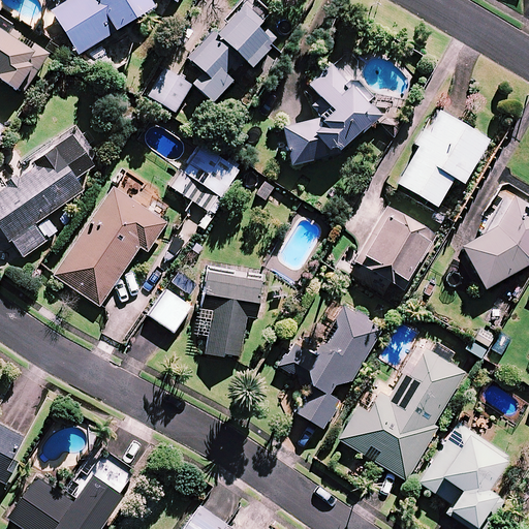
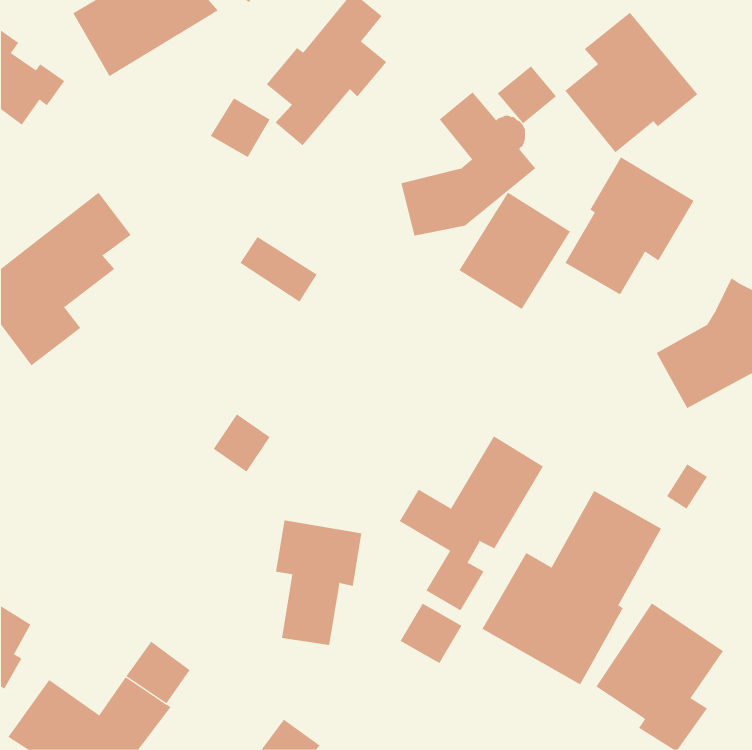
building: none -> [565,12,698,153]
building: none -> [497,66,557,124]
building: [55,169,172,305] -> none
building: [355,207,434,289] -> [459,192,571,310]
building: [201,271,262,359] -> [275,520,362,645]
building: none -> [400,603,462,664]

